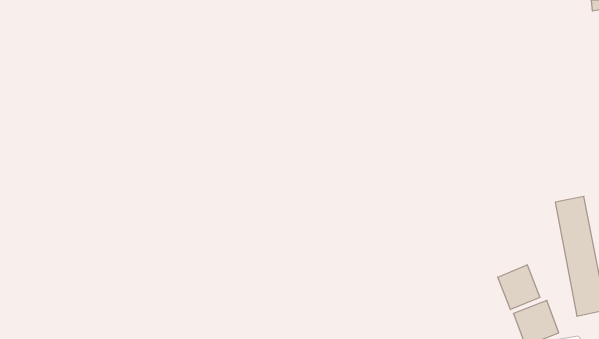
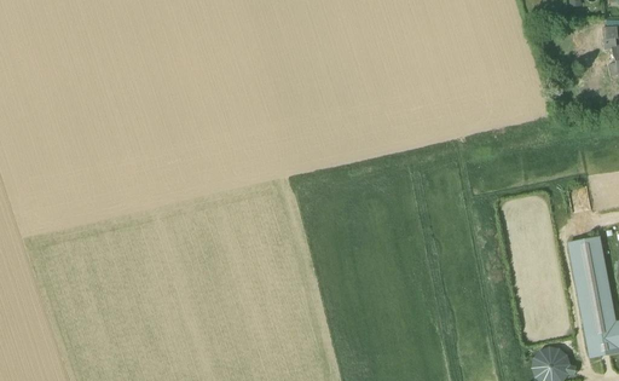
building: [498,265,540,310] -> none

